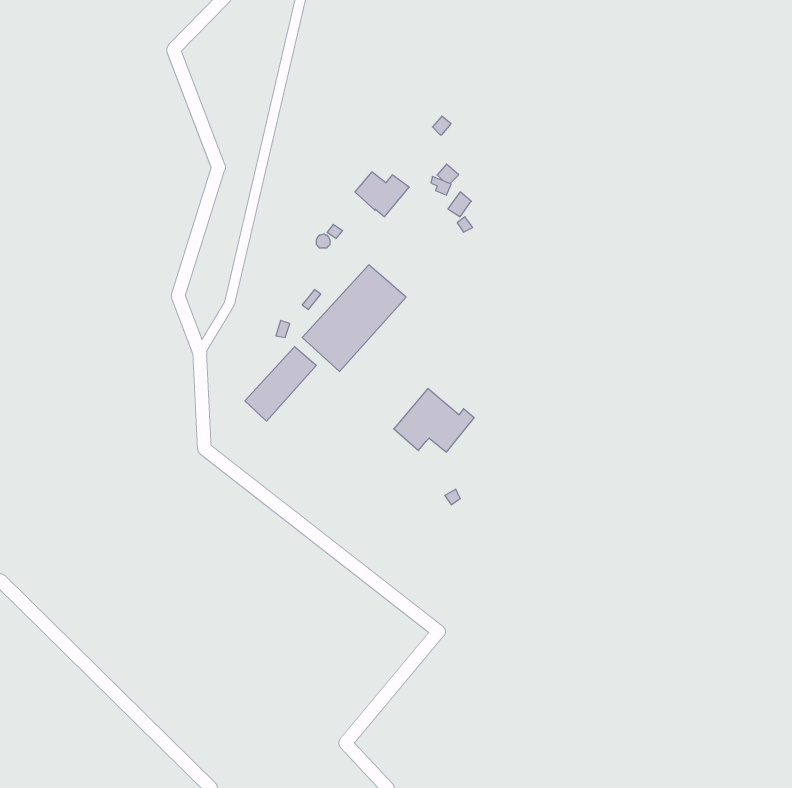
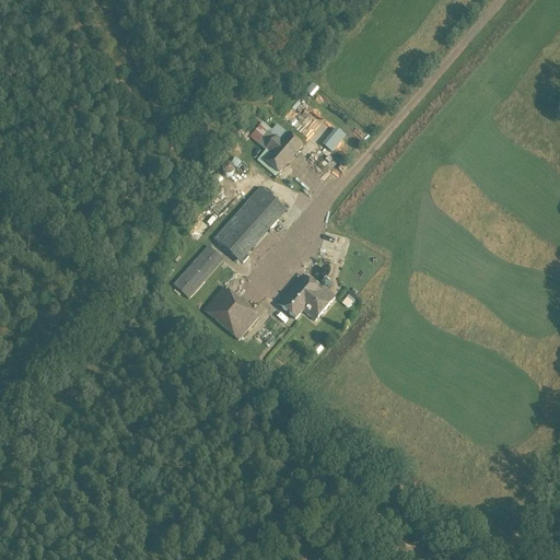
building: none -> [266,132,303,172]
building: none -> [205,285,258,338]

